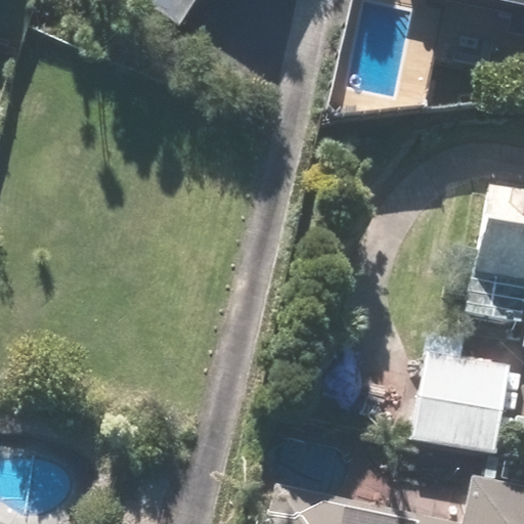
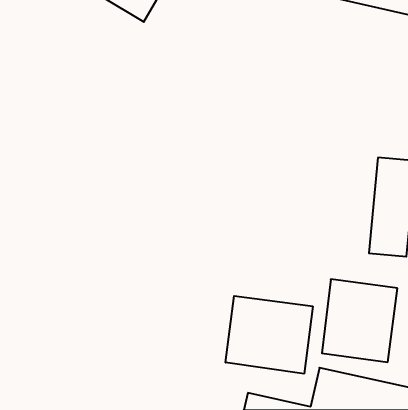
building: none -> [226,296,313,374]

